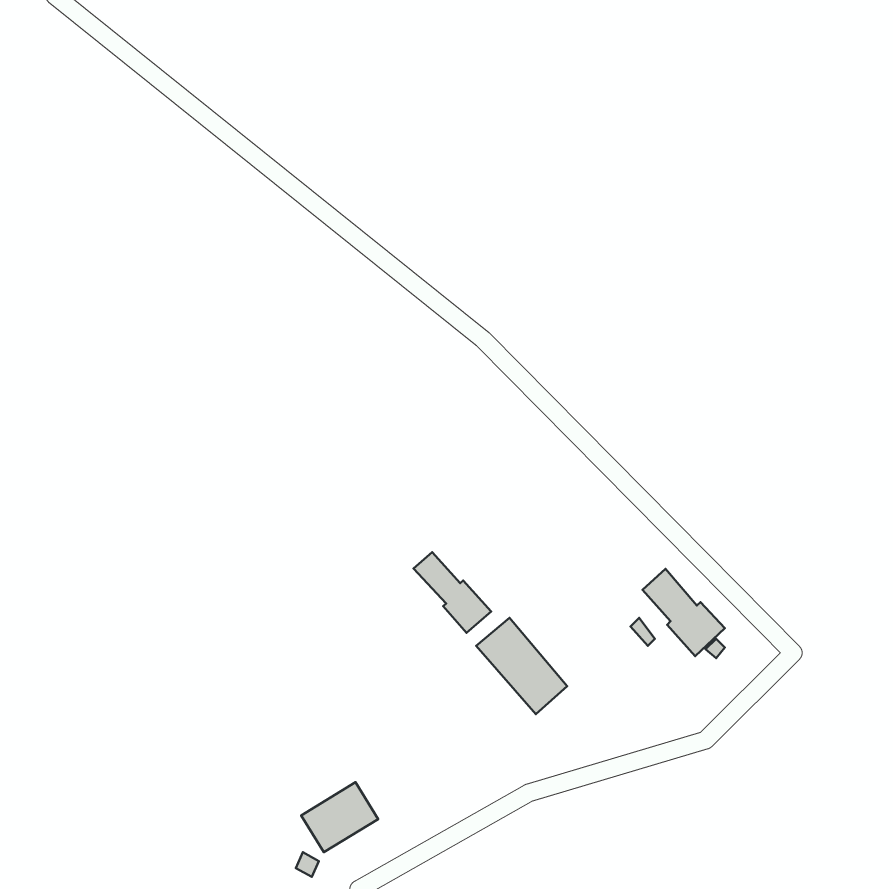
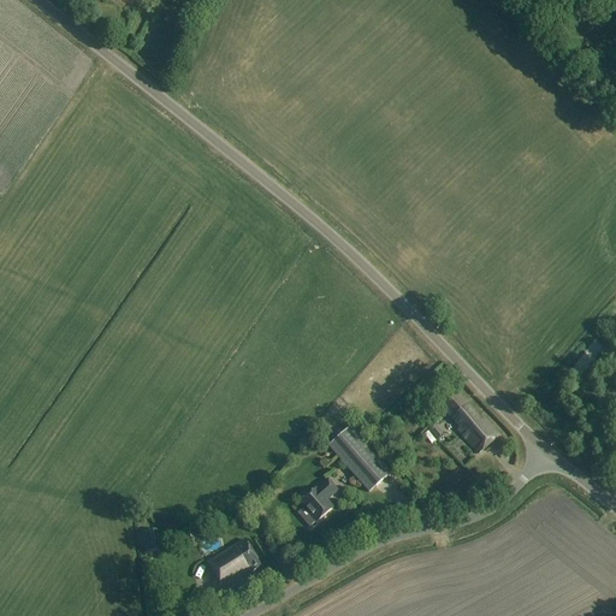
building: [414,552,491,633] -> none
building: none -> [297,476,337,523]

